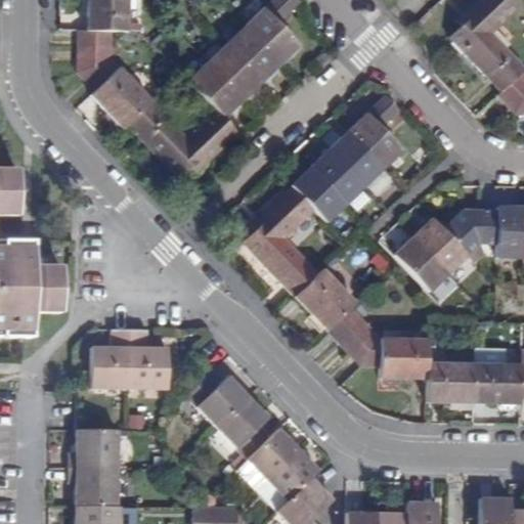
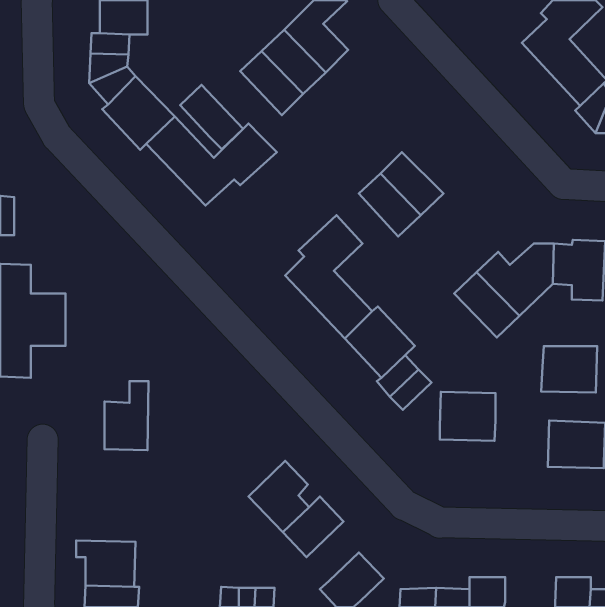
building: [190,61,245,117] -> [180,85,243,149]
building: [348,96,401,167] -> none
building: [292,167,345,222] -> none
building: [129,329,170,389] -> none
building: [349,330,382,367] -> none
building: [427,362,475,402] -> [541,346,597,393]
building: [186,374,248,428] -> none
building: [68,428,120,467] -> none
building: [266,449,317,500] -> none

